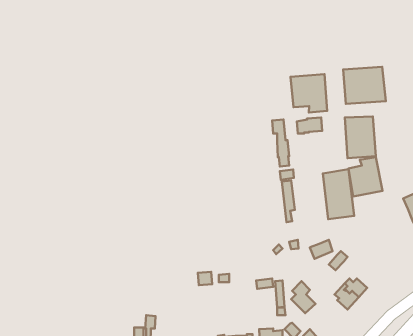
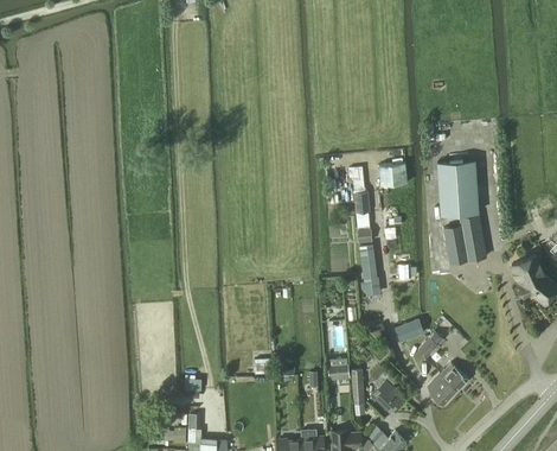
building: [343,67,386,104] -> none
building: [290,74,327,112] -> none
building: [323,169,354,219] -> none

